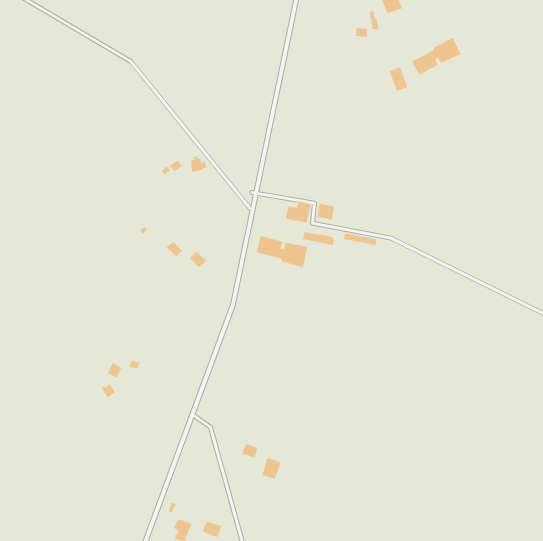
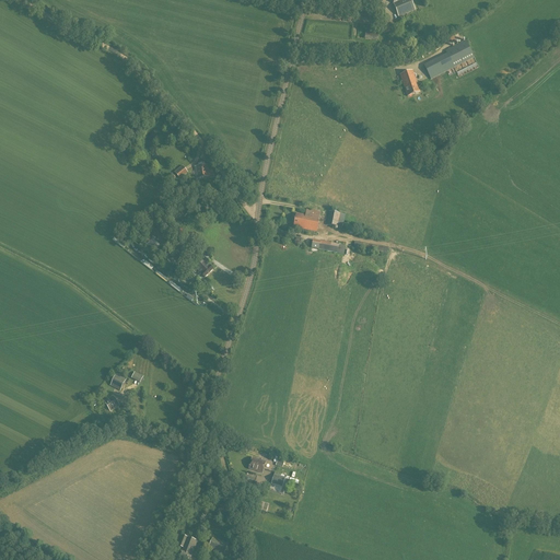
building: [256,235,308,268] -> none

